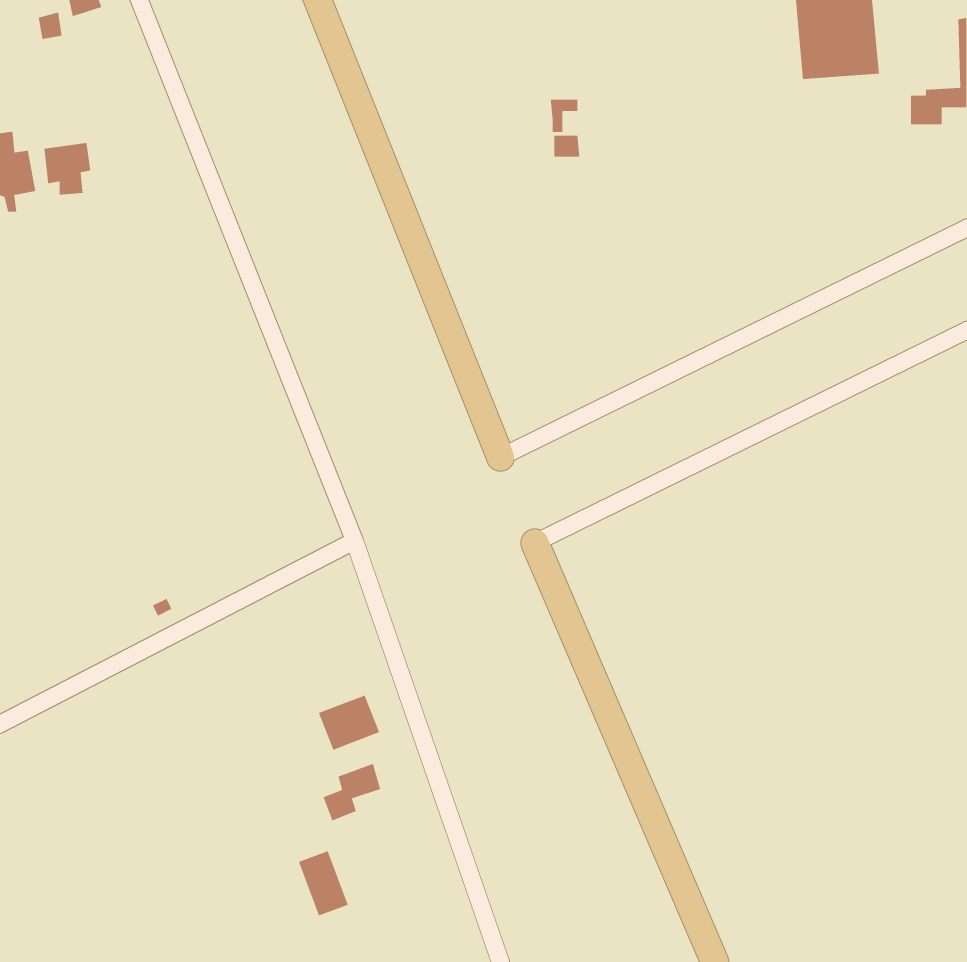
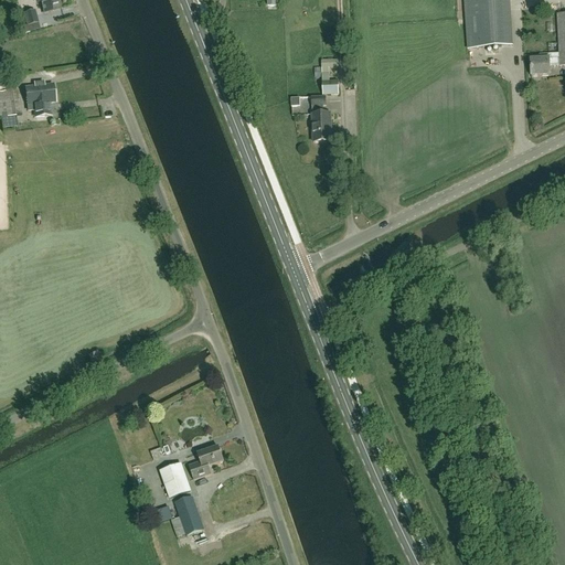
building: none -> [311,94,330,139]
building: [318,694,380,751] -> none
building: none -> [160,462,190,499]

